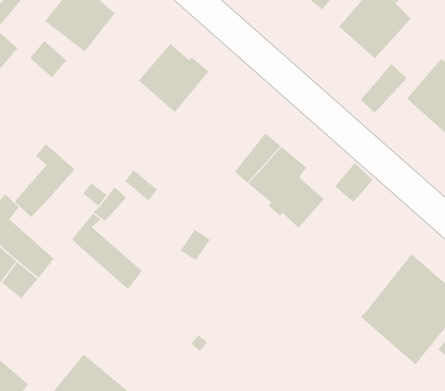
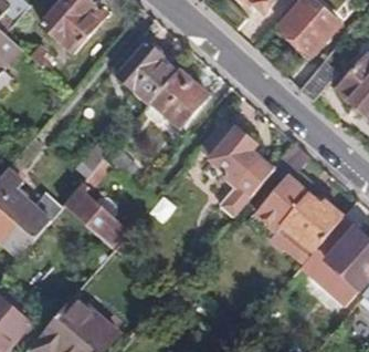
building: none -> [149,66,204,123]
building: [14,143,75,218] -> none
building: none -> [254,176,340,263]

